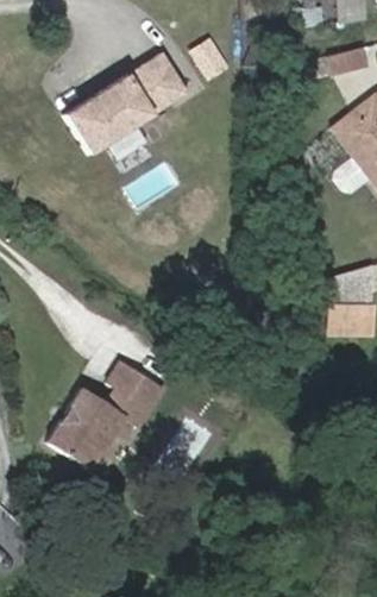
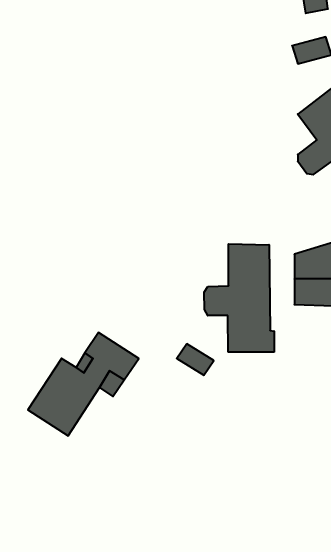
building: [63,50,187,151] -> none
building: none -> [204,244,274,352]

